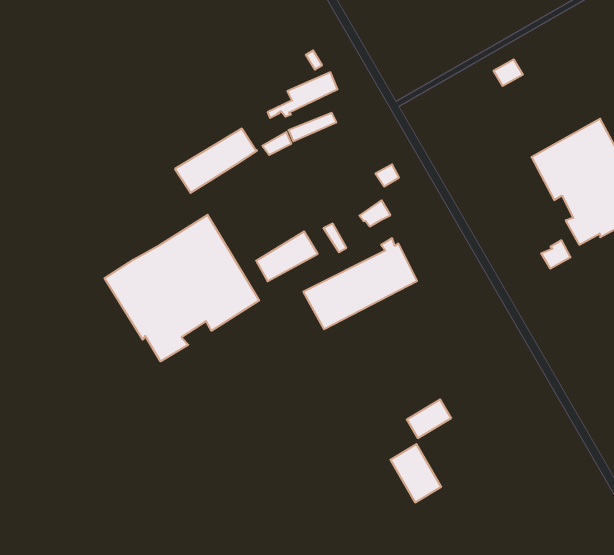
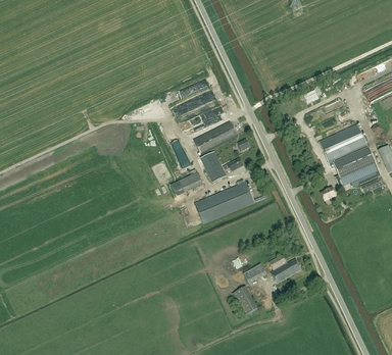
building: [175,129,257,193] -> [194,122,238,154]
building: [105,215,259,361] -> none
building: none -> [268,253,301,283]

